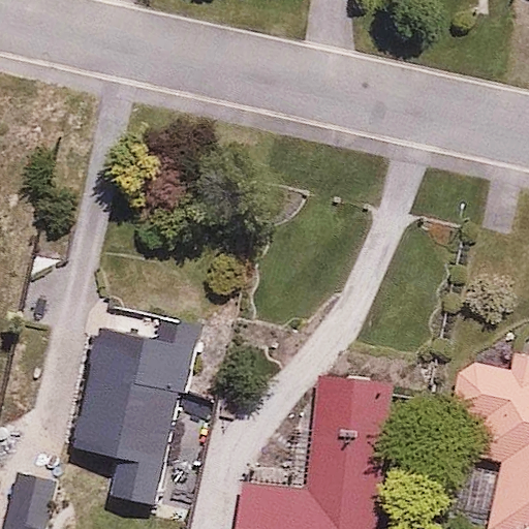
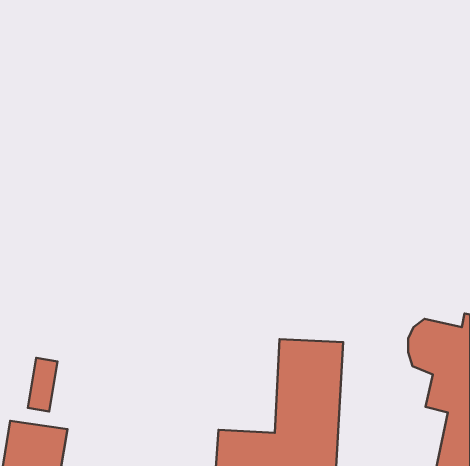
building: [77,323,196,504] -> none

